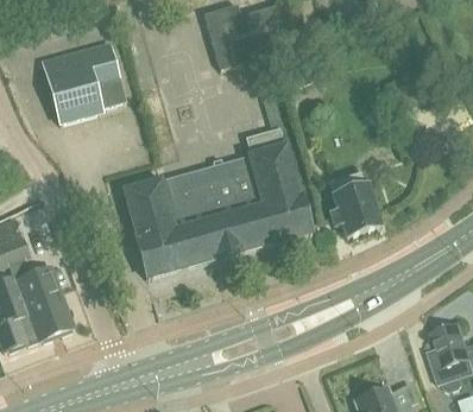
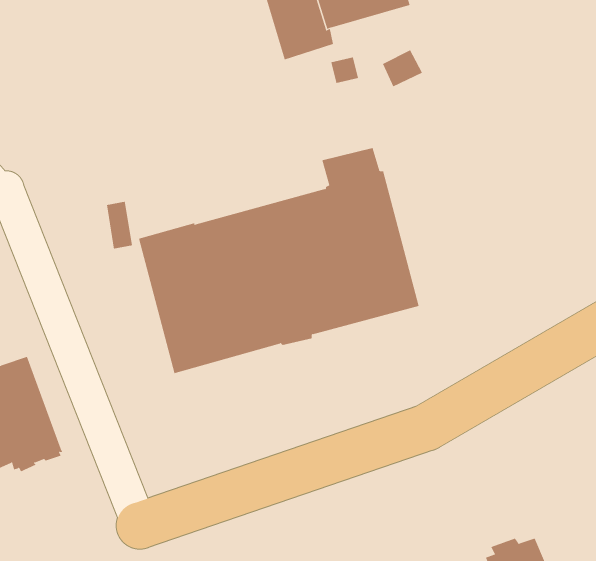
building: [45,42,126,122] -> none
building: [328,171,380,237] -> none

